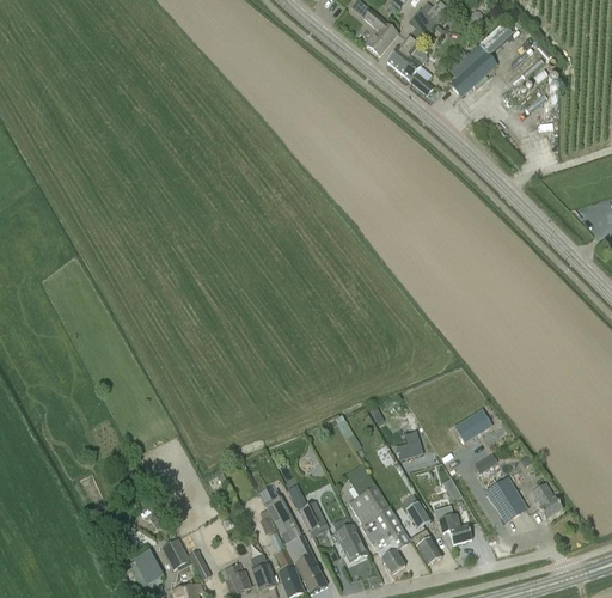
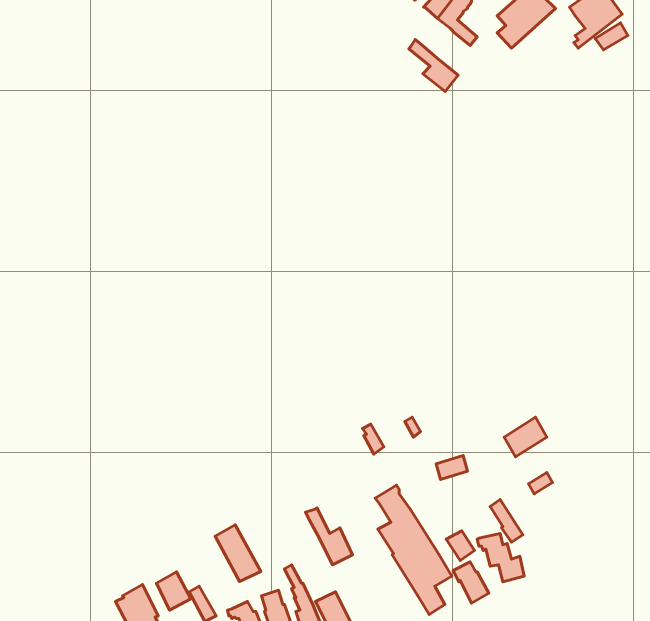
building: none -> [409,39,458,91]
building: [485,476,527,521] -> none
building: [532,484,563,520] -> none
building: [264,496,302,544] -> [215,525,261,582]
building: [335,524,367,562] -> none

